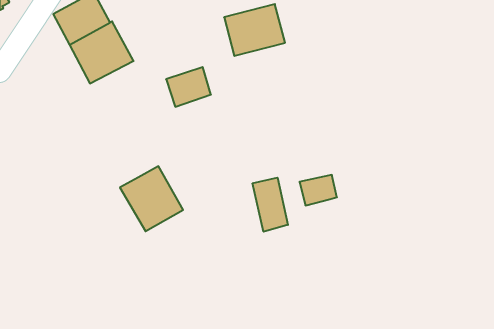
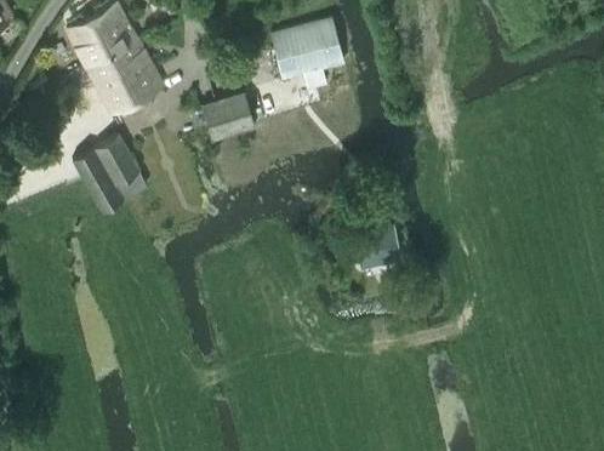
building: [120,166,183,231] -> [73,136,148,213]
building: [253,178,288,232] -> none

